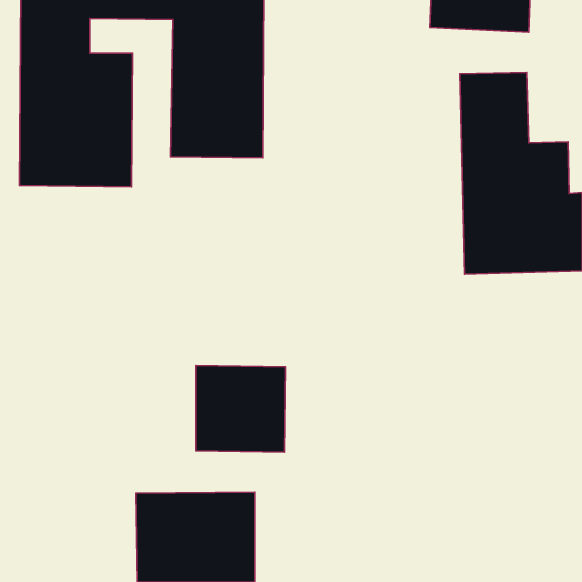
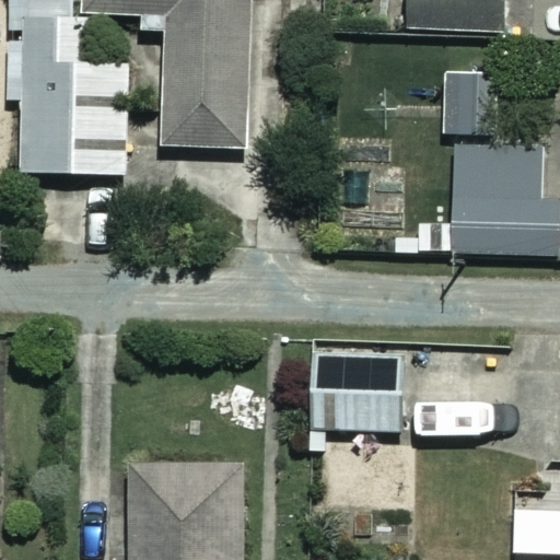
building: [196,366,286,452] -> [313,349,398,431]

